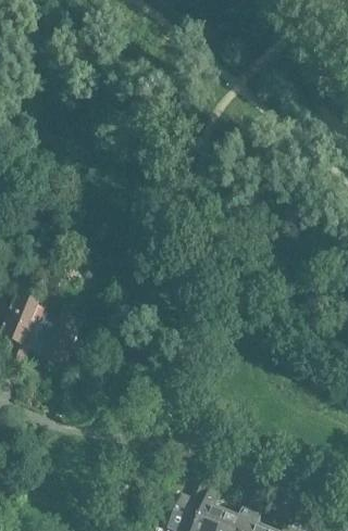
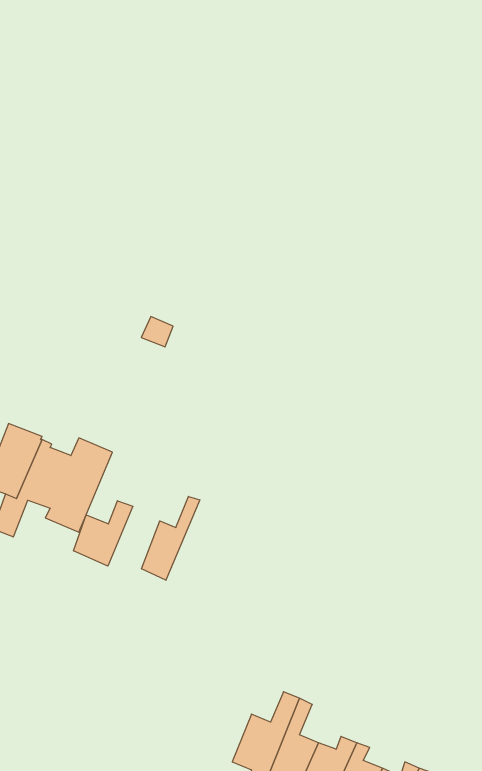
building: none -> [142,496,200,580]
building: none -> [74,501,133,566]

